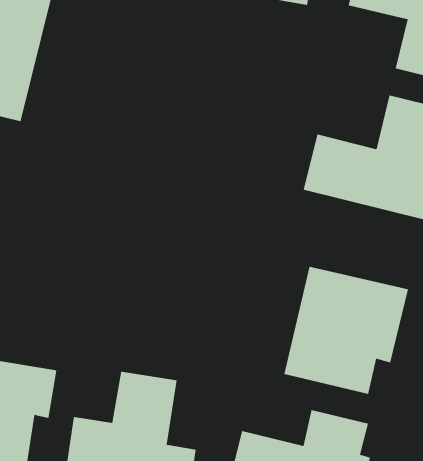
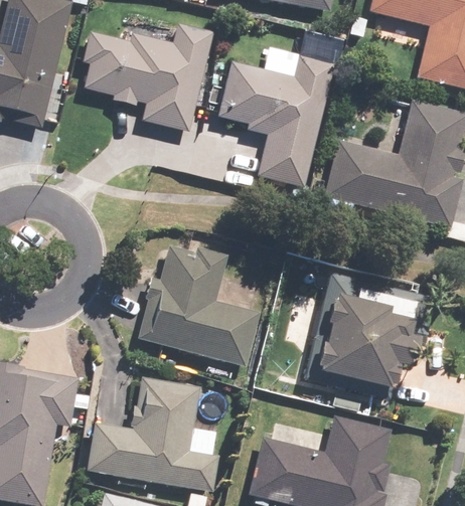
building: none -> [81,24,211,132]
building: none -> [217,56,332,188]
building: none -> [136,241,258,365]

